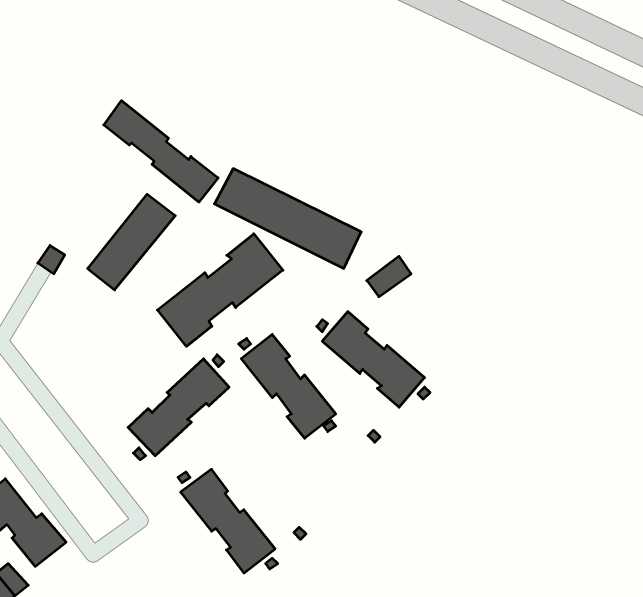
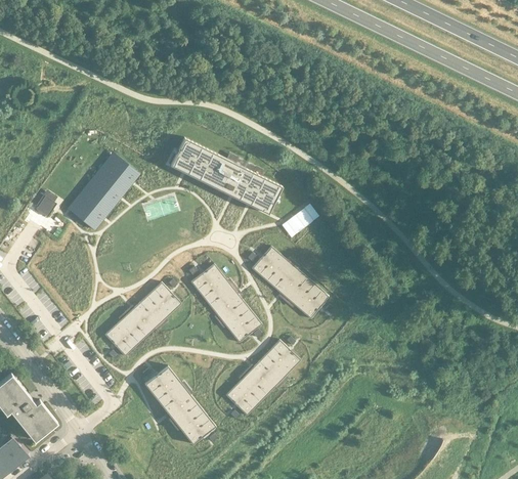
building: [104,101,218,202] -> none
building: [157,234,283,346] -> none
building: none -> [224,339,300,415]

